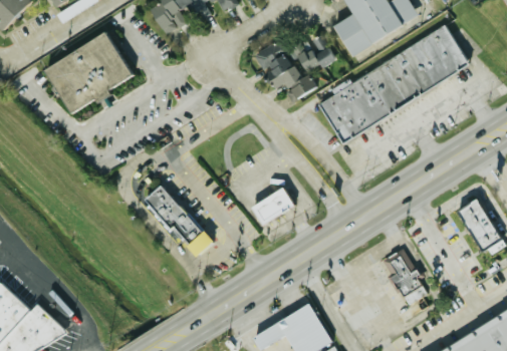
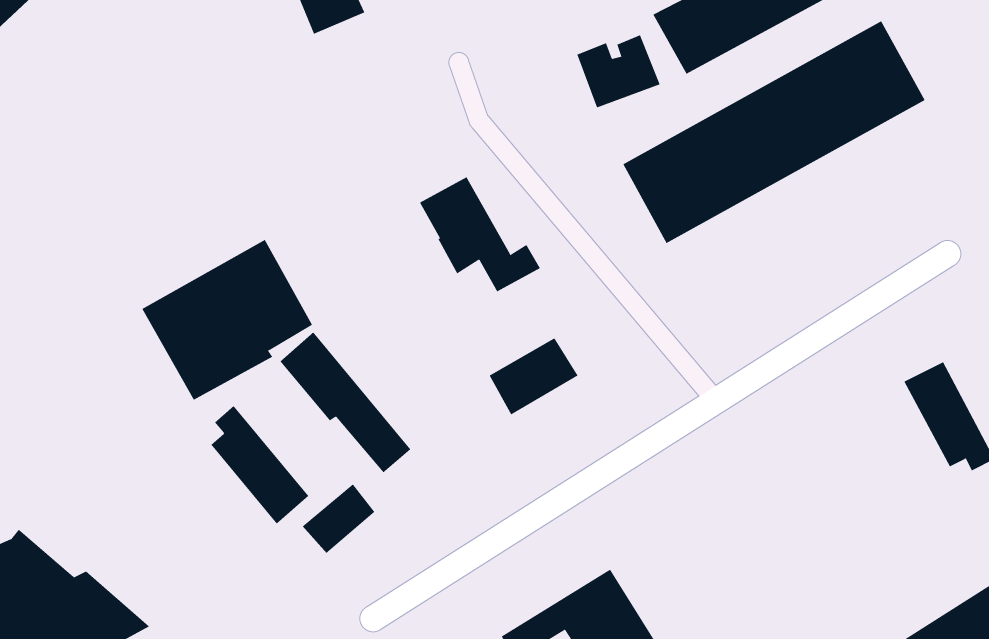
building: [42,33,129,114] -> [142,239,313,401]
building: [256,41,317,99] -> [419,177,541,292]
building: none -> [211,405,309,525]
building: [385,248,429,307] -> none
building: none -> [302,484,375,554]

